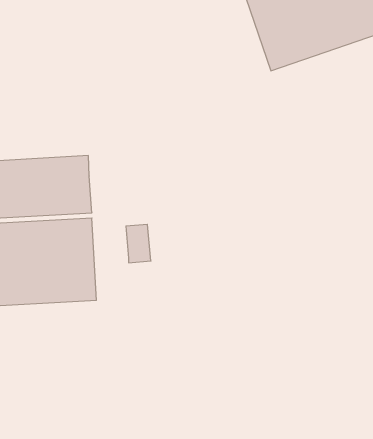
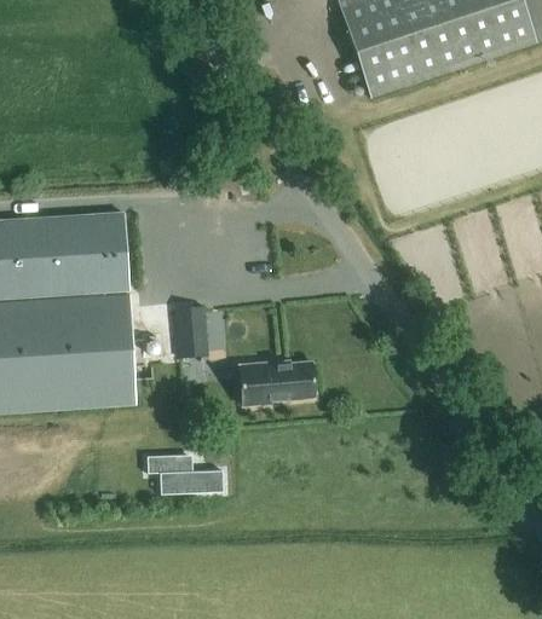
building: none -> [240,360,315,404]
building: none -> [146,453,223,493]

